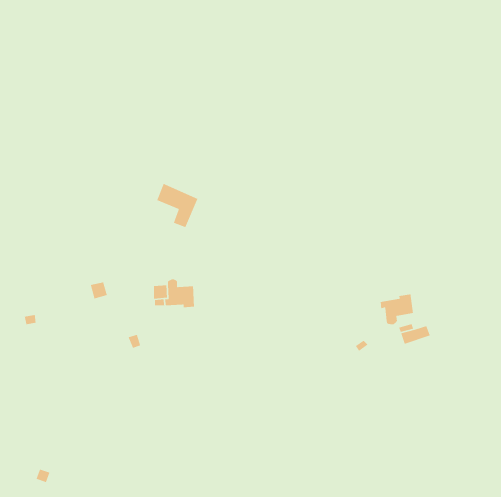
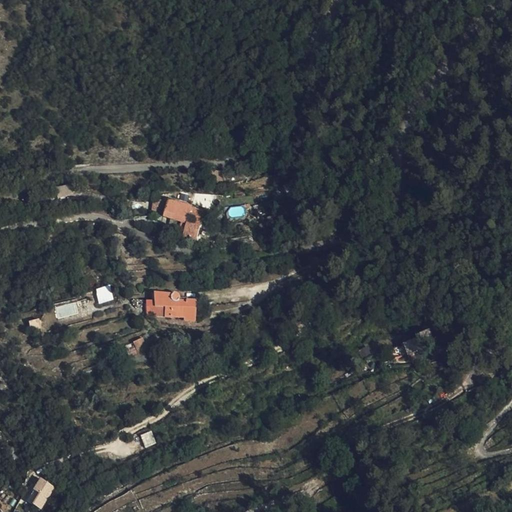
building: [380,293,414,325] -> none

